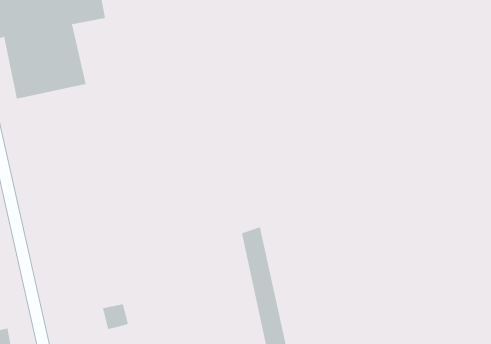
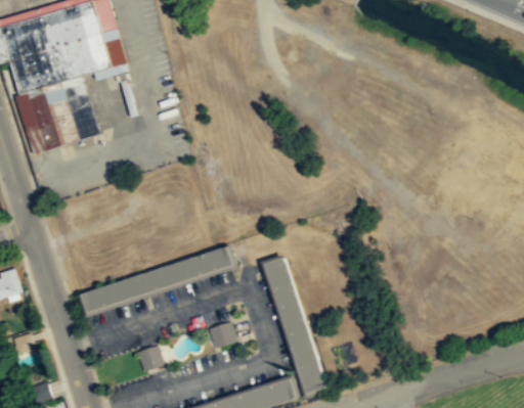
building: none -> [81,246,229,312]
building: none -> [207,321,235,349]

